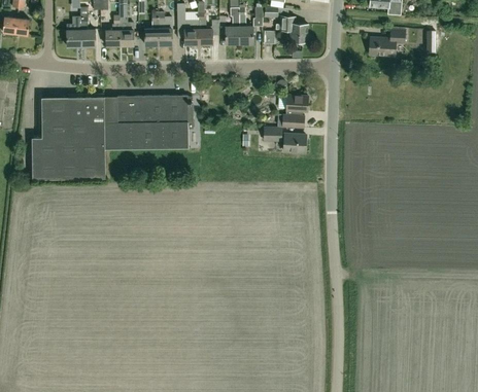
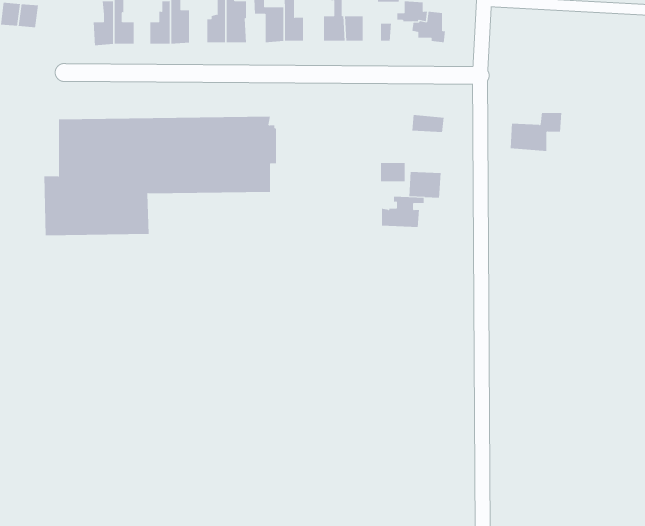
building: [370,30,406,57] -> [510,113,562,151]
building: [278,106,308,128] -> [381,196,424,227]

